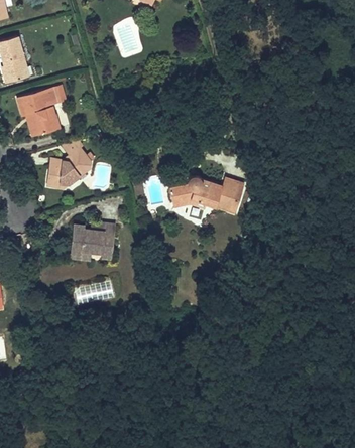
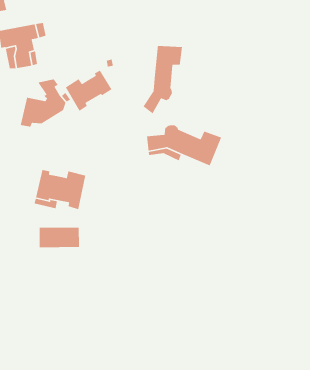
building: none -> [142,45,183,114]
building: none -> [65,69,113,112]

